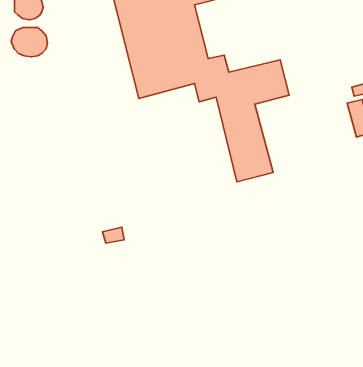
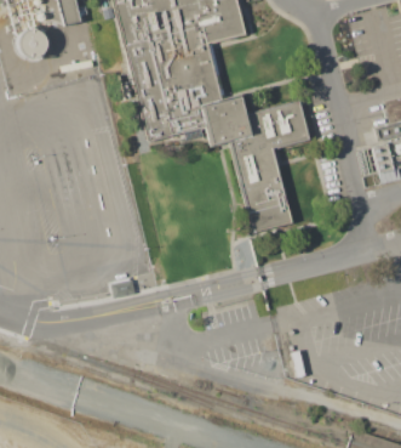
building: [11,27,48,57] -> none

